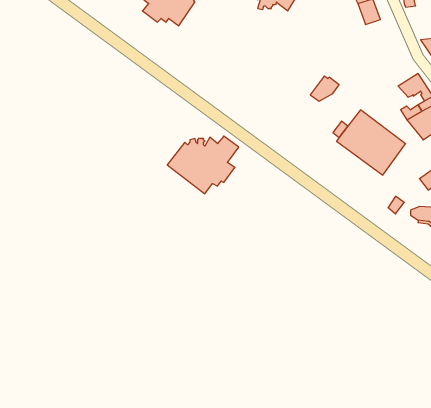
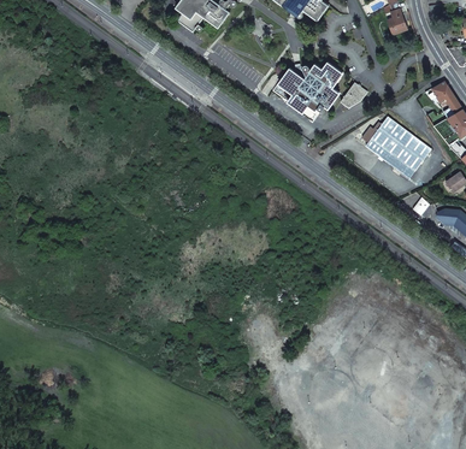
building: [167,136,239,194] -> [273,63,342,118]

